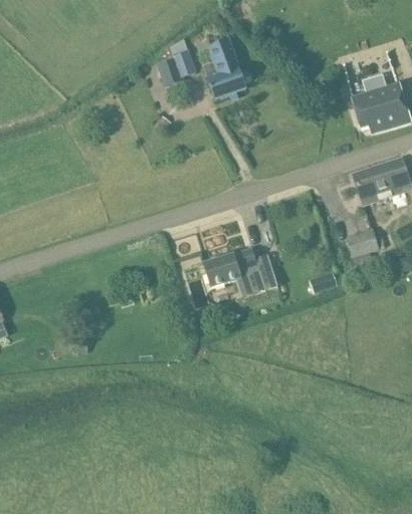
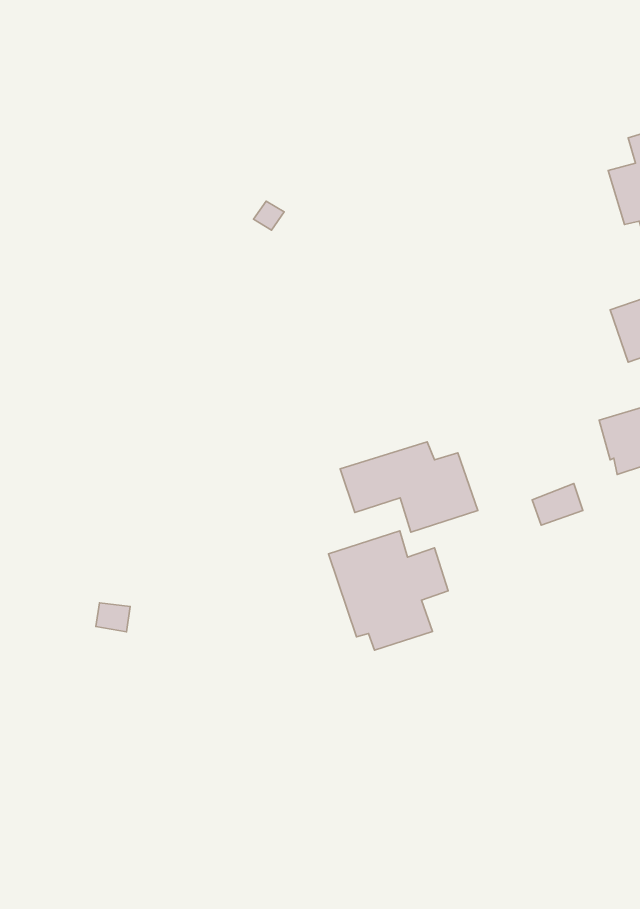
building: [203,38,246,98] -> none
building: [158,39,196,85] -> none
building: none -> [329,531,448,650]

